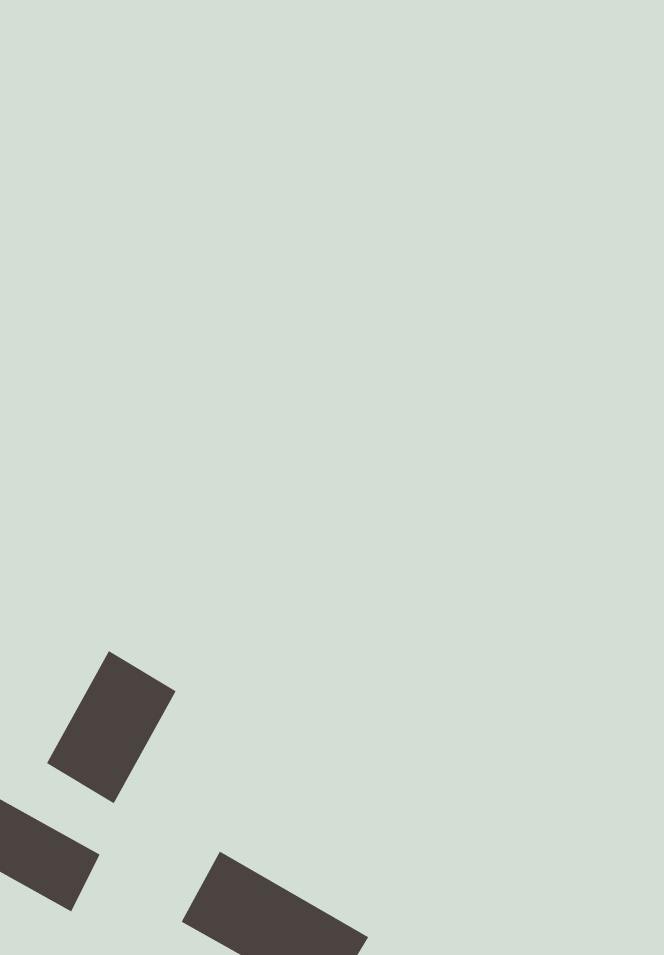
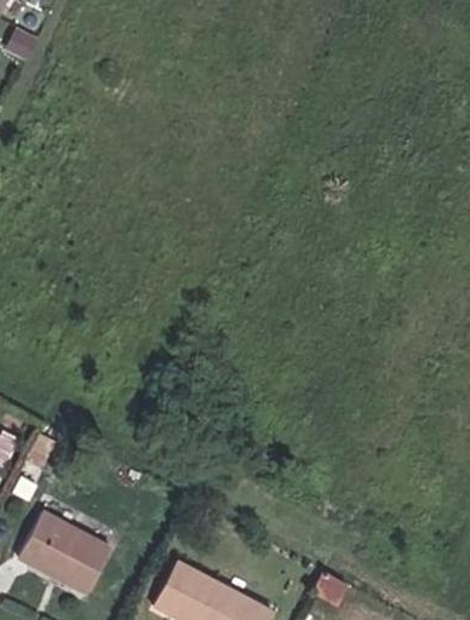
building: [46,650,176,804] -> none

